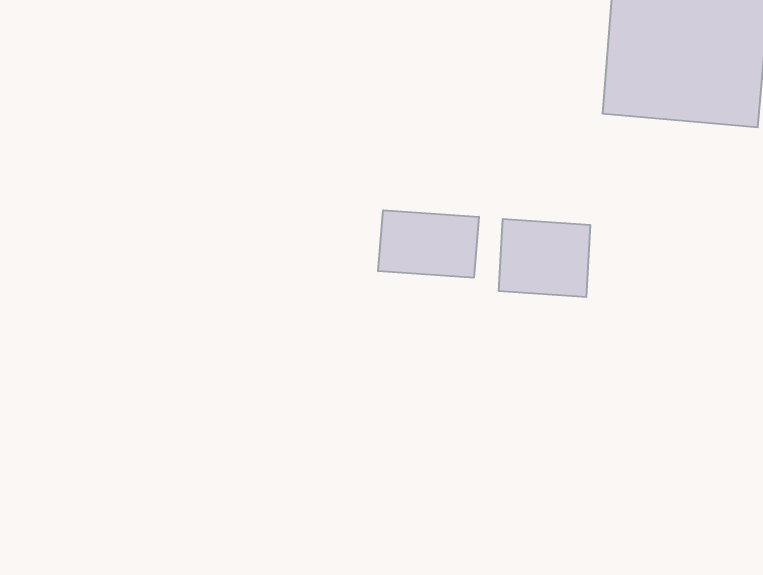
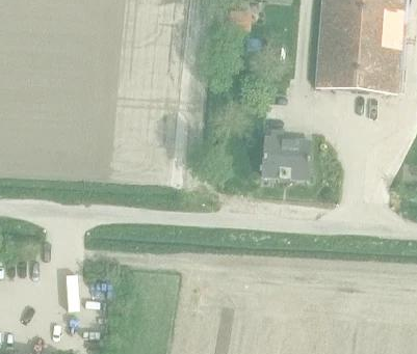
building: [378,210,479,278] -> none

